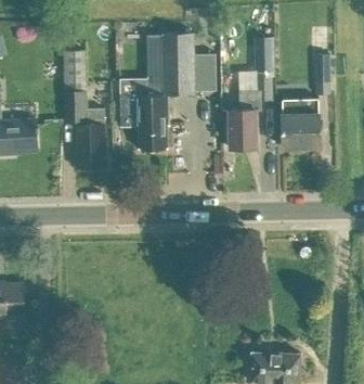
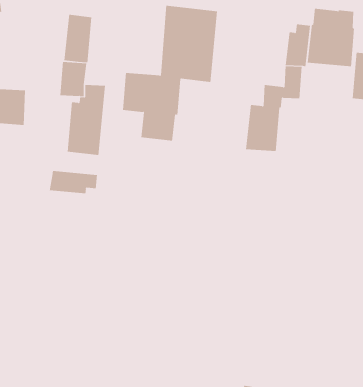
building: [197,60,221,95] -> none
building: [281,99,320,148] -> [307,8,355,67]
building: none -> [49,170,97,194]

